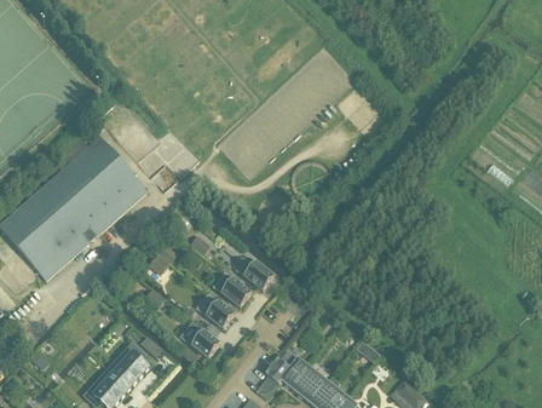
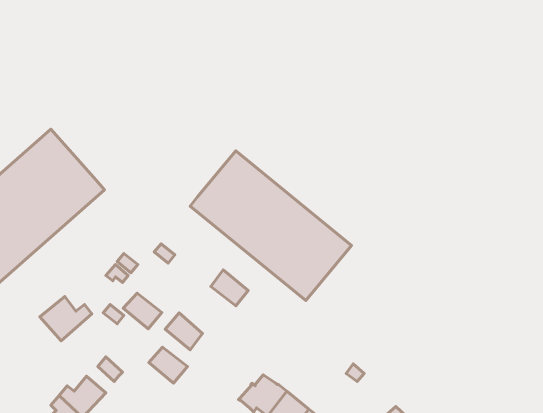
building: none -> [190,151,351,301]
building: [217,276,250,308] -> [123,293,162,329]
building: none -> [40,296,92,341]

